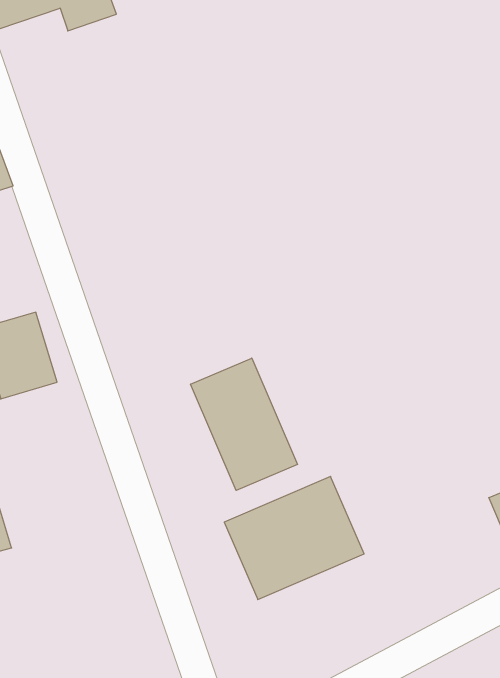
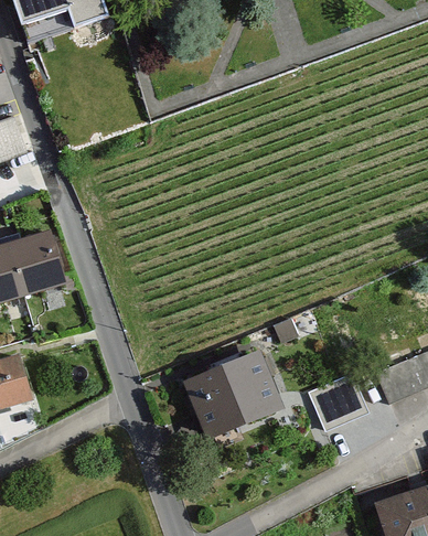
building: [191,358,297,490] -> none
building: none -> [307,369,367,427]

